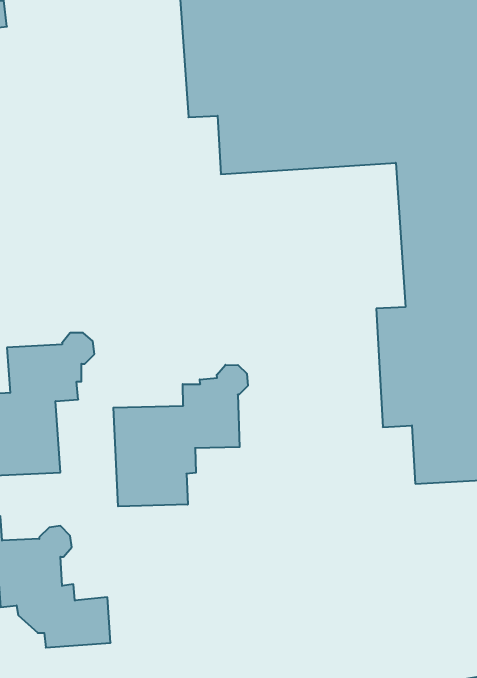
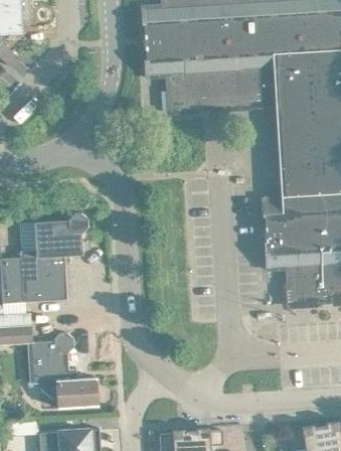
building: [113,365,248,506] -> none

